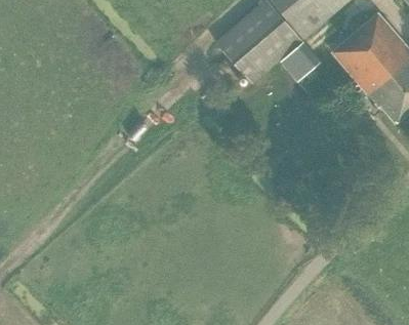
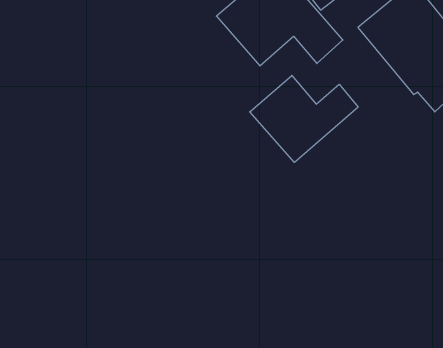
building: none -> [250,75,358,162]

